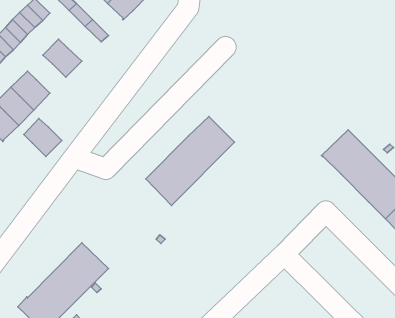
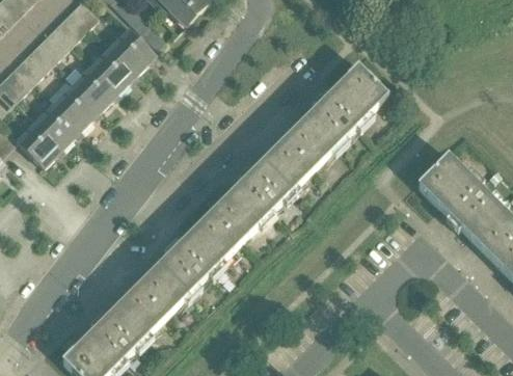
building: none -> [109,28,156,74]
building: none -> [285,64,388,168]
building: [24,118,62,157] -> [73,66,117,111]
building: none -> [136,211,241,316]

